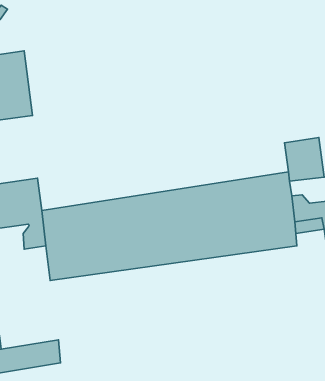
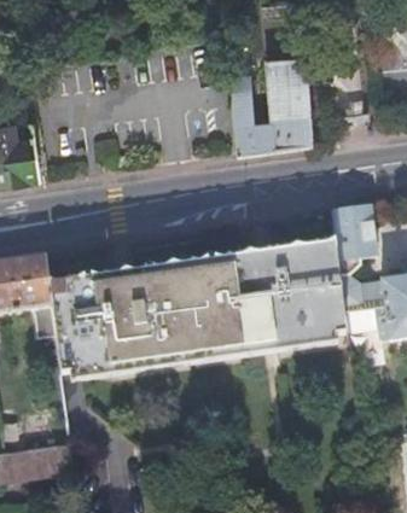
building: none -> [229,56,313,152]

